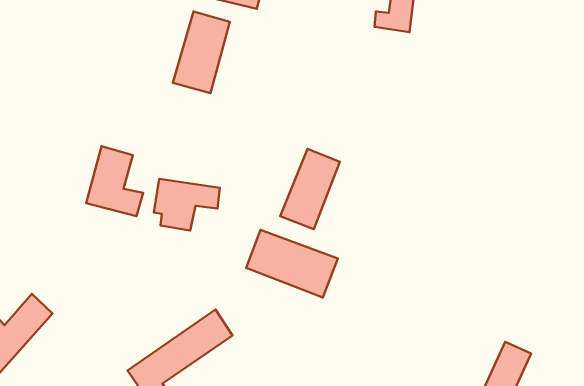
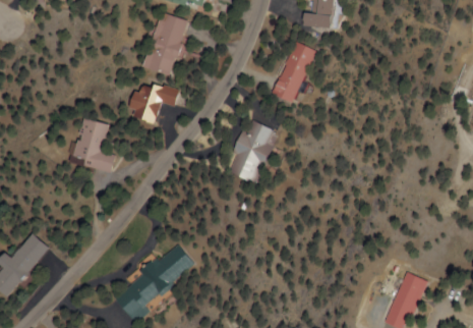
building: none -> [274,42,316,104]
building: [154,179,220,231] -> [131,83,183,123]
building: [246,230,338,297] -> none

